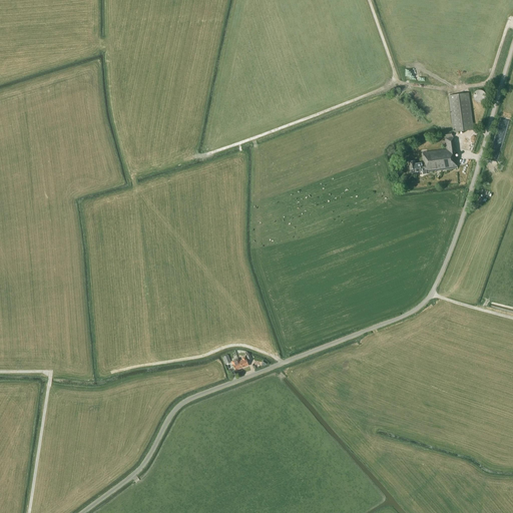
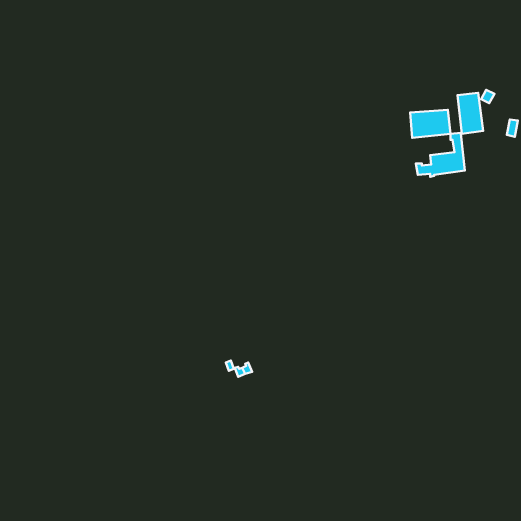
building: none -> [410,110,451,138]

